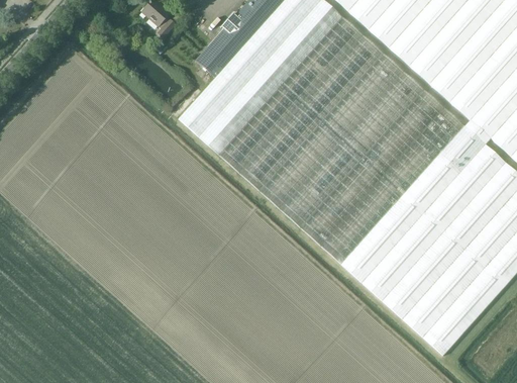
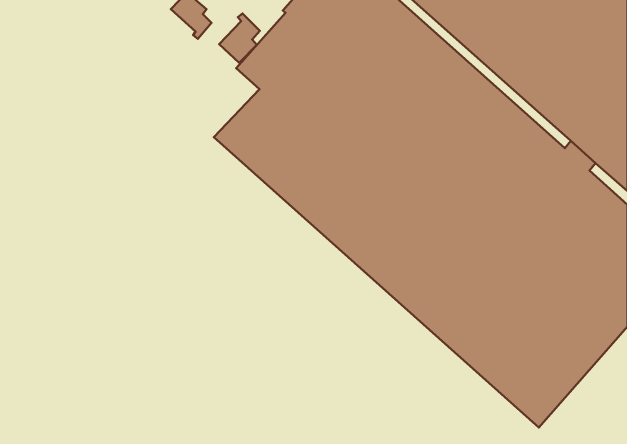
building: none -> [219,13,260,63]

